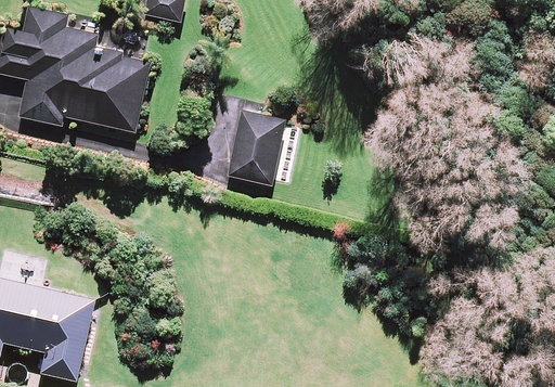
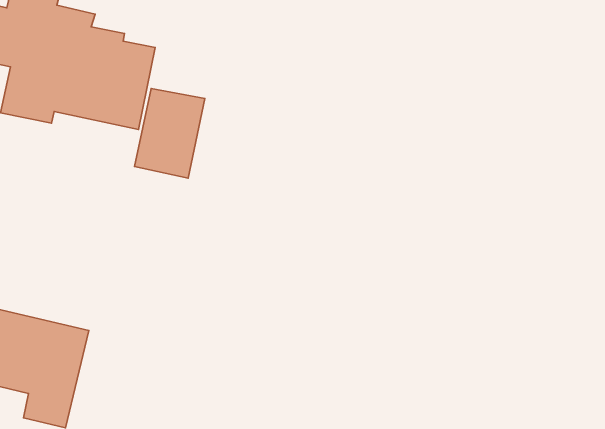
building: [227,108,286,184] -> [135,88,205,178]

